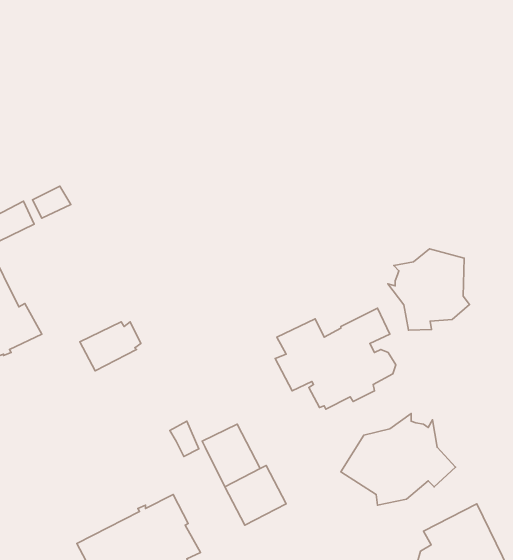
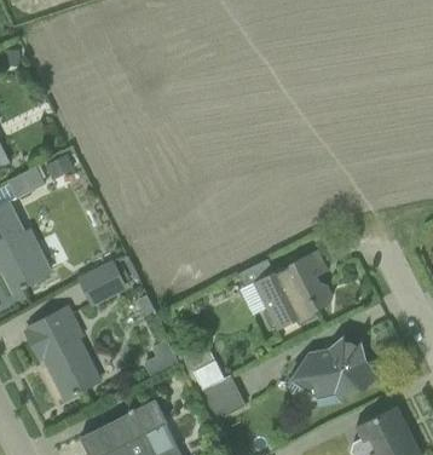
building: [388,249,470,330] -> none
building: none -> [27,307,100,398]

